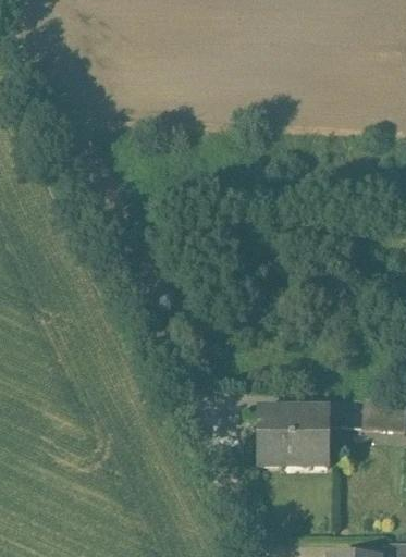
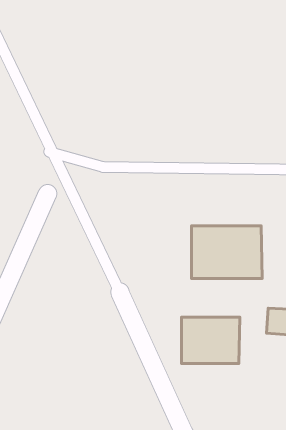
building: none -> [191,226,262,278]

